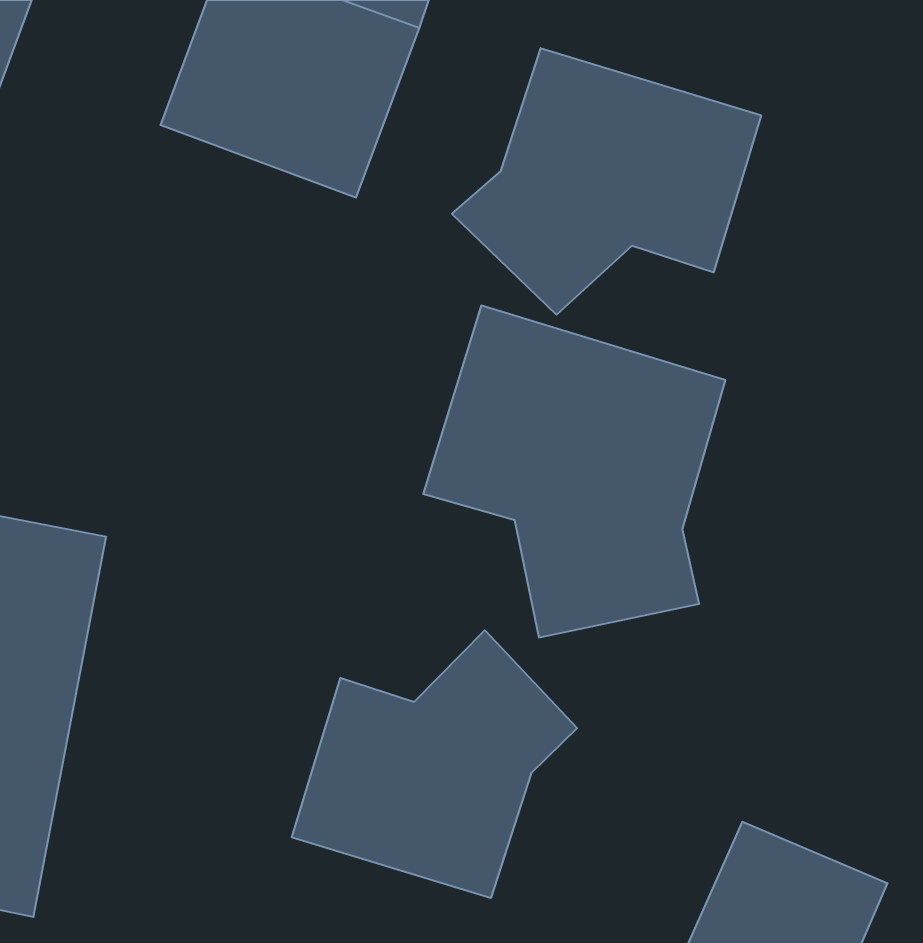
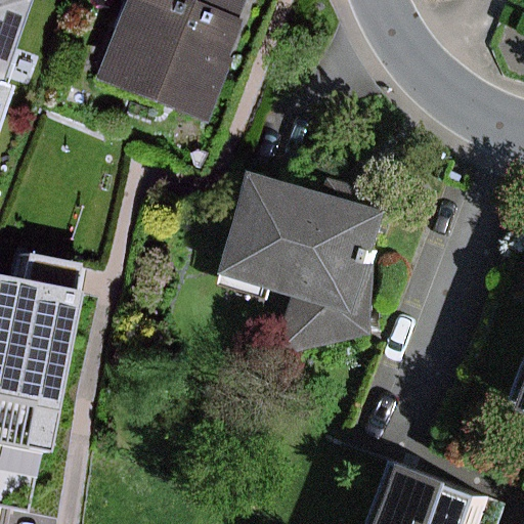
building: [452,48,761,315] -> none
building: [292,630,577,898] -> none

